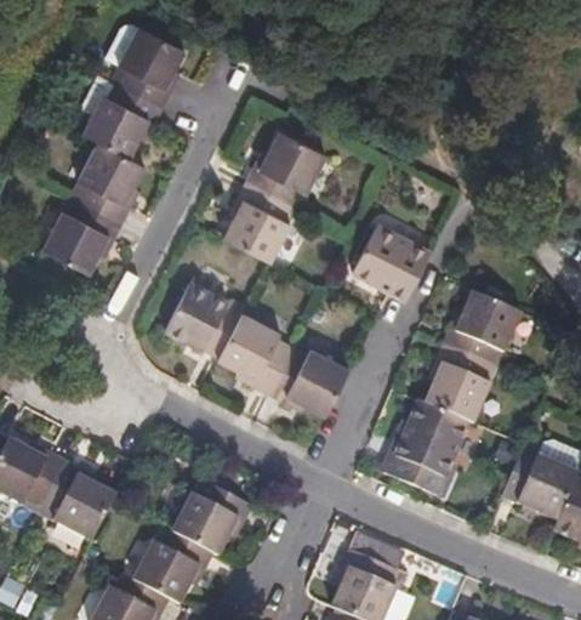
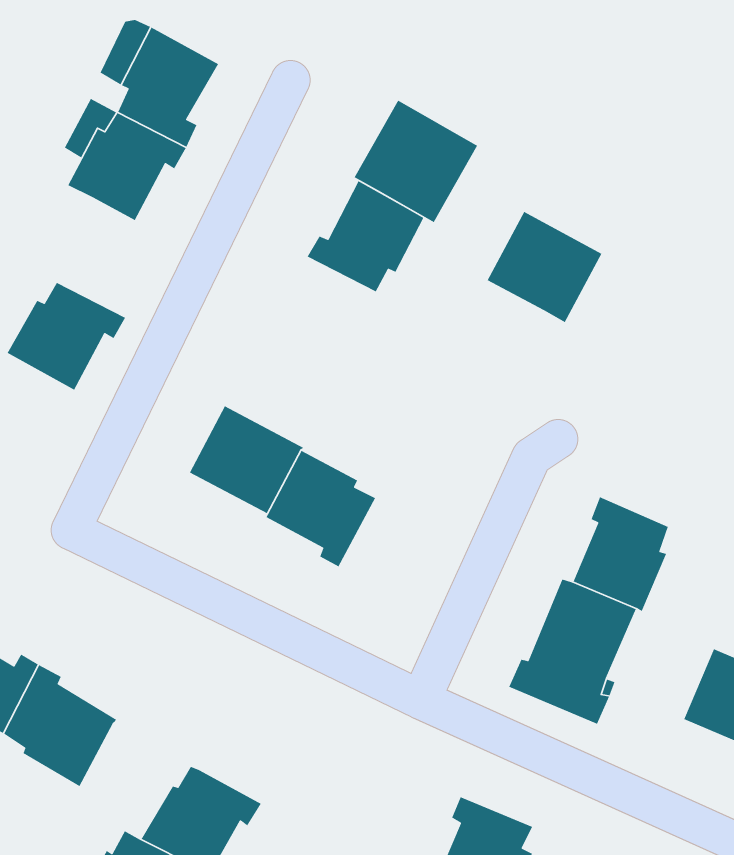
building: none -> [354,100,478,223]
building: [75,142,144,223] -> none
building: [224,182,292,262] -> none
building: [352,224,431,301] -> [486,211,603,323]
building: [444,289,522,365] -> none
building: [267,346,351,415] -> none
building: [172,479,254,554] -> none

